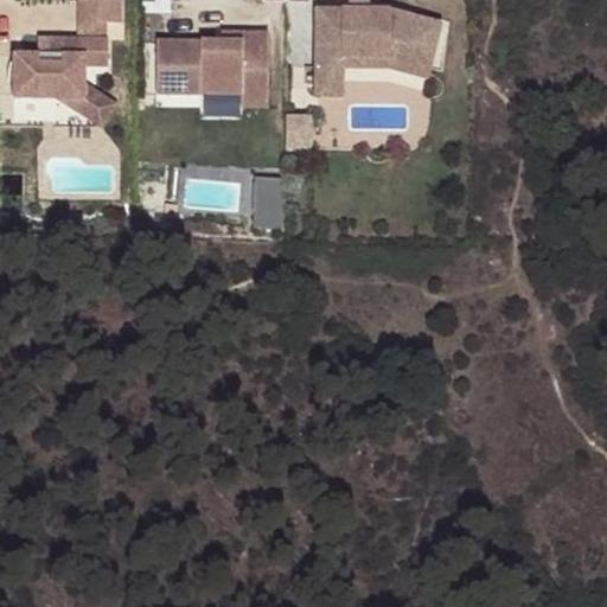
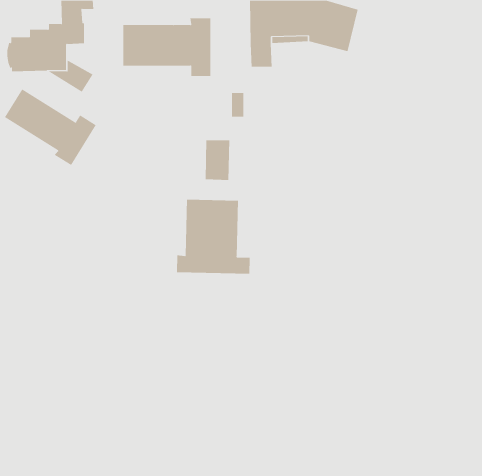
building: none -> [4,89,97,166]
building: none -> [176,199,250,274]

